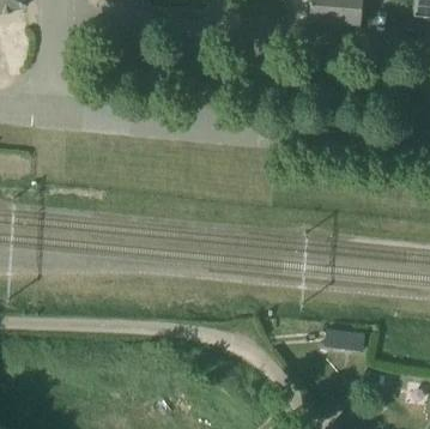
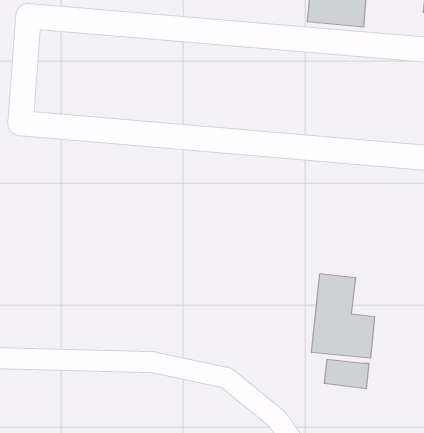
building: none -> [312,274,374,358]

